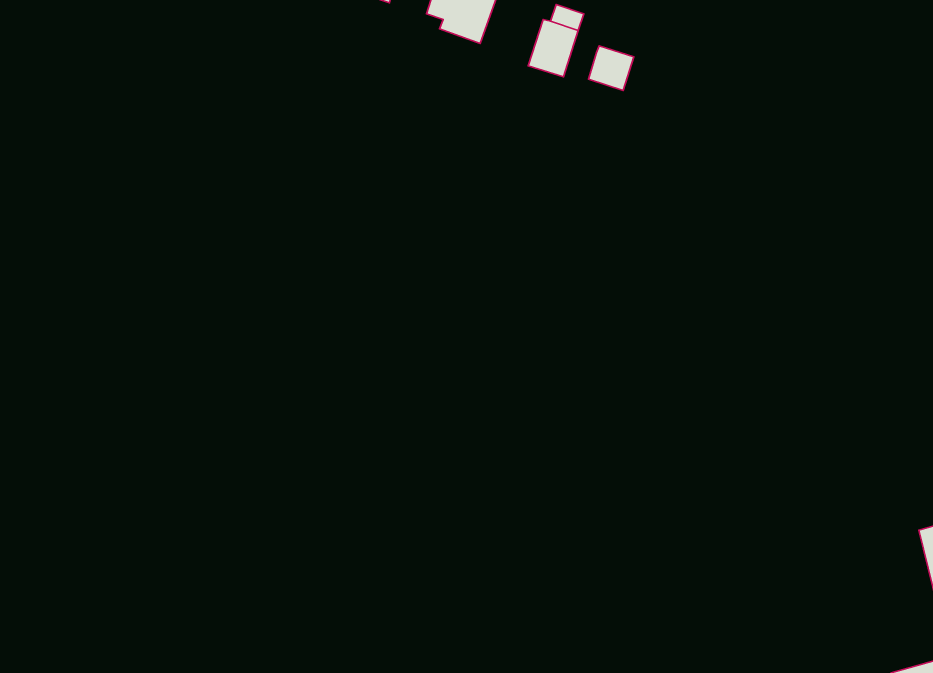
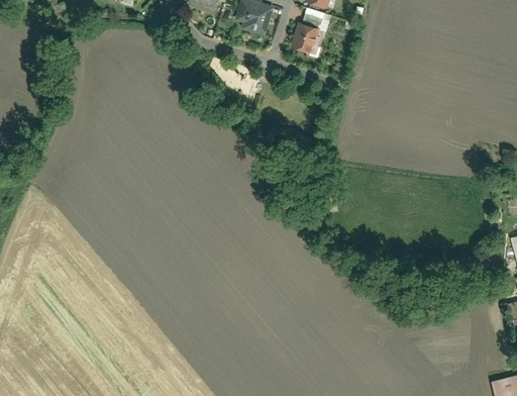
building: [588,46,634,90] -> none

